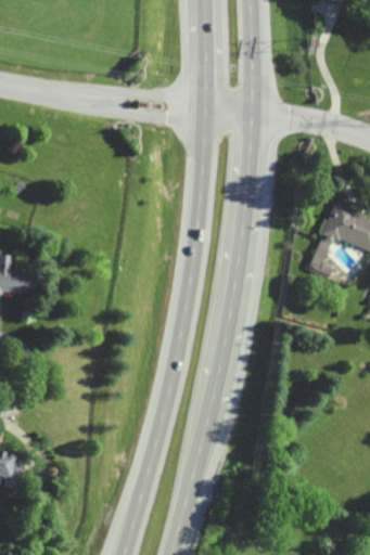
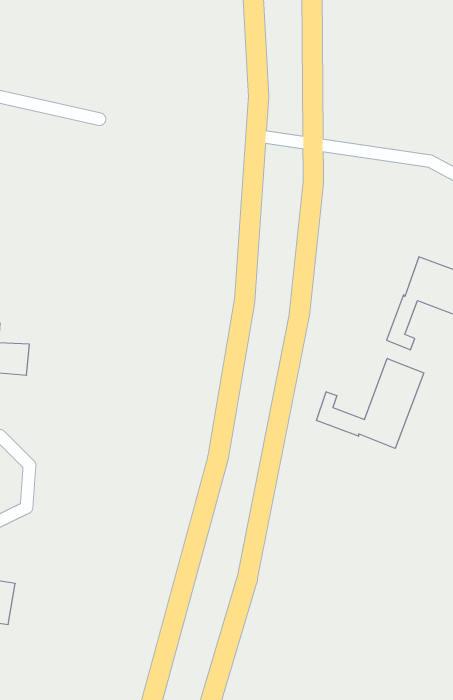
building: none -> [316,358,424,448]

